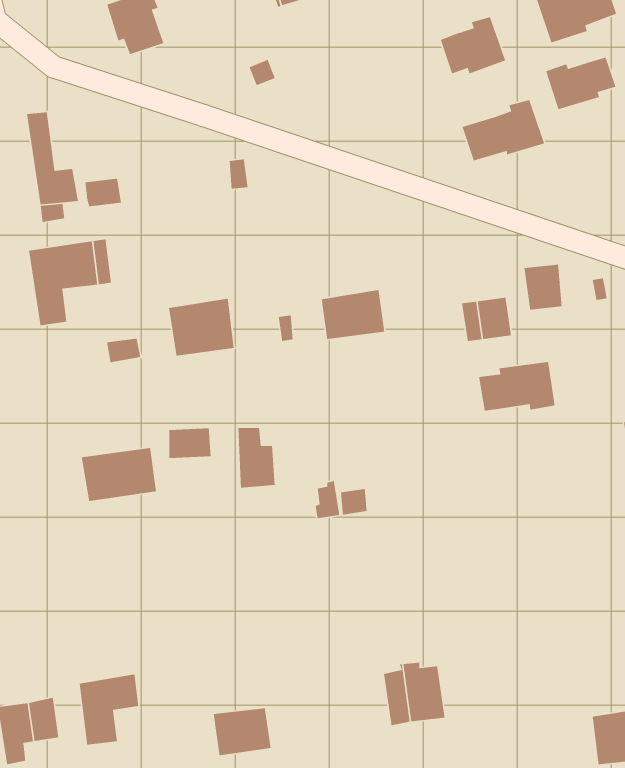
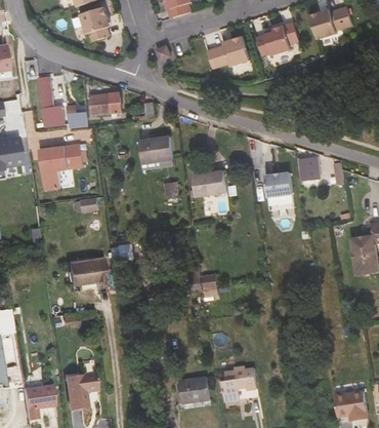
building: [545,57,616,110] -> none
building: [461,99,545,161] -> [206,38,250,71]
building: none -> [90,92,122,114]
building: [168,298,234,356] -> [139,135,174,166]
building: [478,361,556,411] -> none
building: [237,427,275,489] -> none
building: [213,707,271,756] -> [179,377,210,402]

